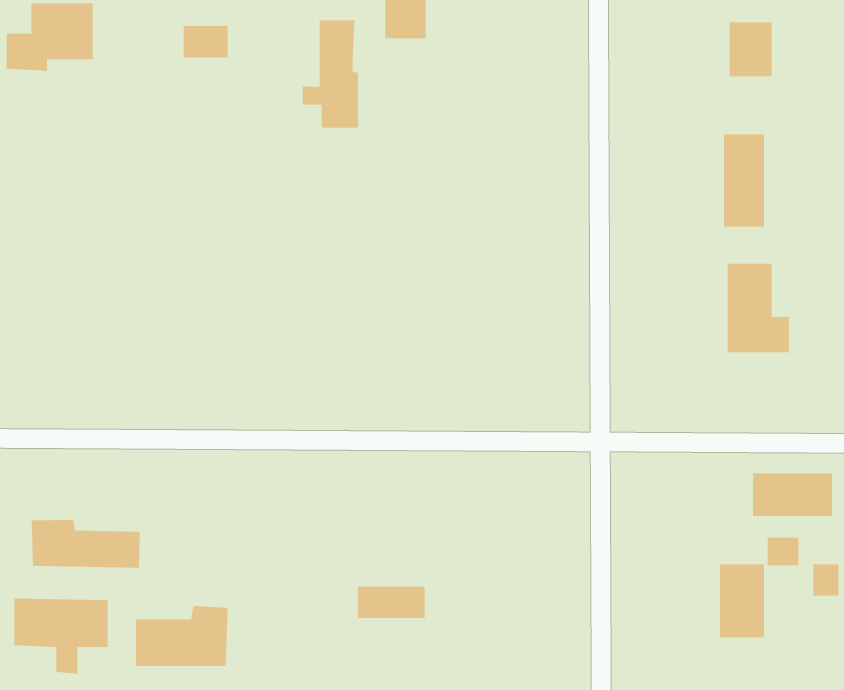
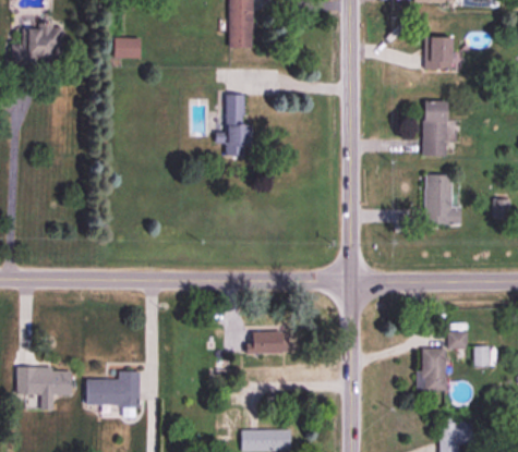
building: [302,20,359,128] -> [216,95,249,157]
building: [752,472,832,517] -> none
building: [31,519,140,569] -> none
building: [357,586,426,619] -> [249,334,288,353]

